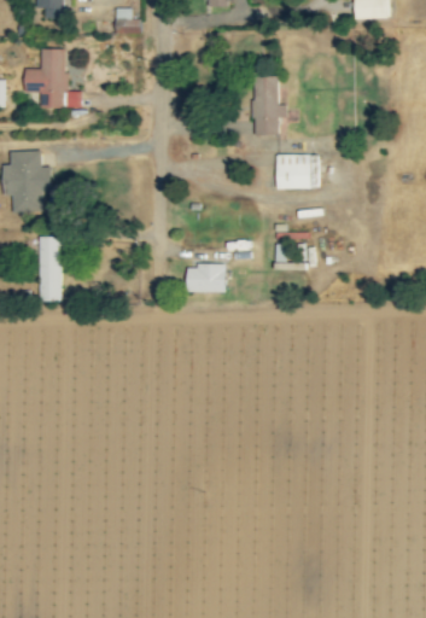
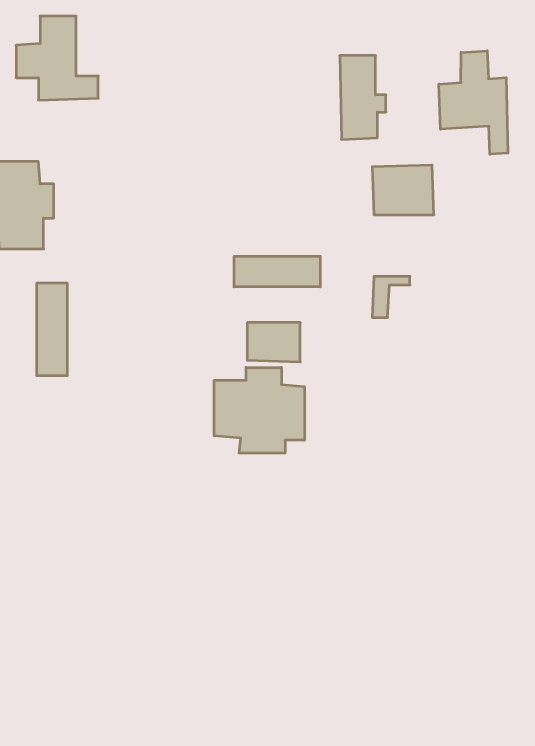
building: none -> [439,51,508,154]
building: none -> [234,256,320,287]
building: none -> [214,367,304,453]

